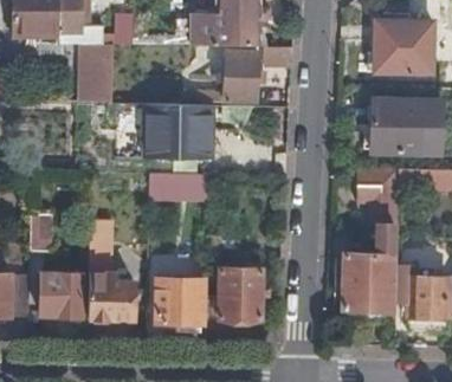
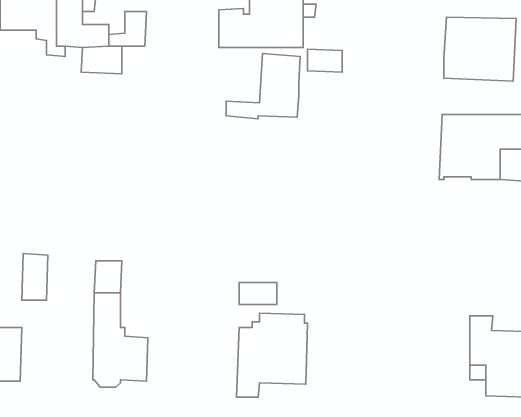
building: [79,65,112,102] -> none
building: [144,103,212,157] -> none
building: [342,168,399,311] -> none
building: [150,173,209,198] -> none
building: [43,274,83,316] -> none
building: [155,278,205,324] -> none

